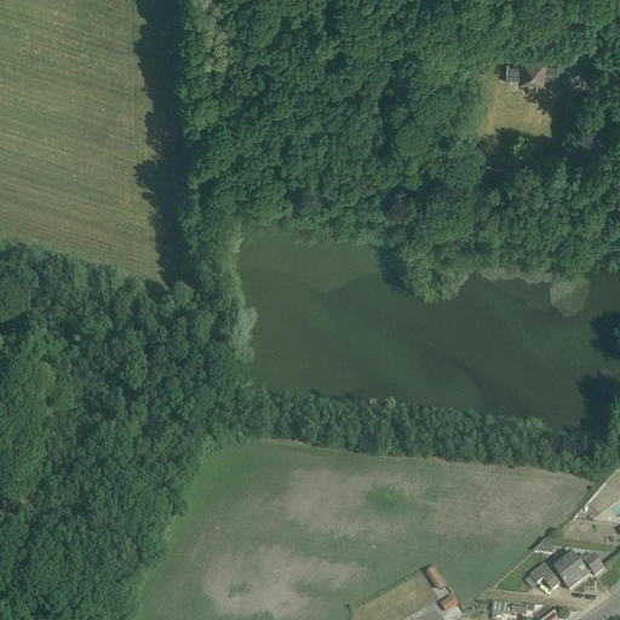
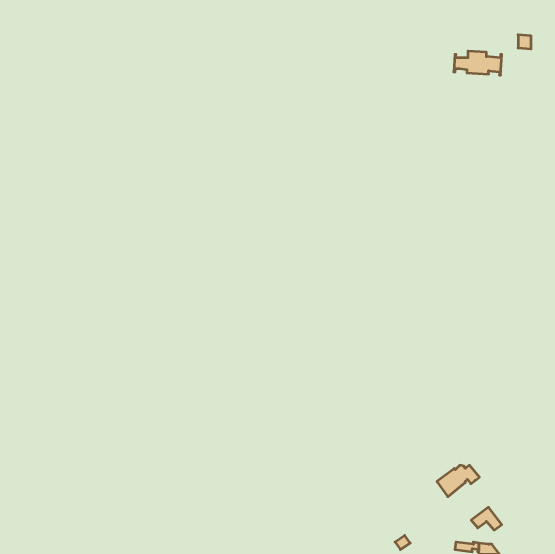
building: [556,553,603,589] -> [437,465,479,497]

